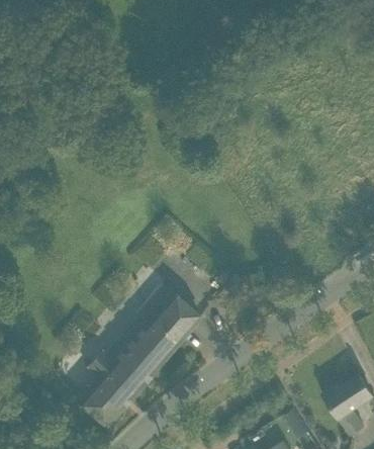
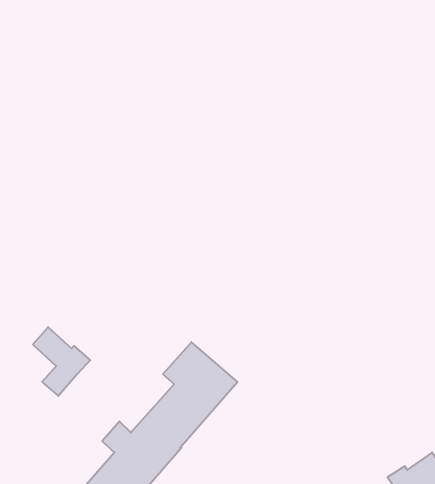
building: none -> [33,327,90,396]

